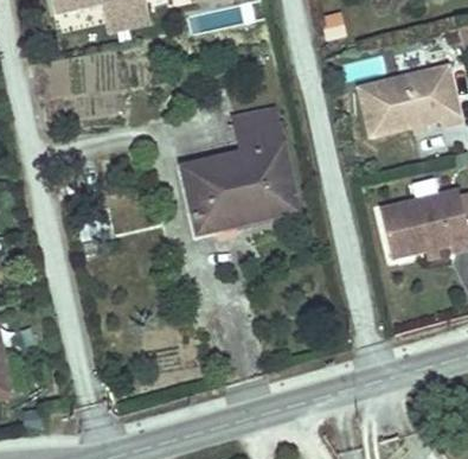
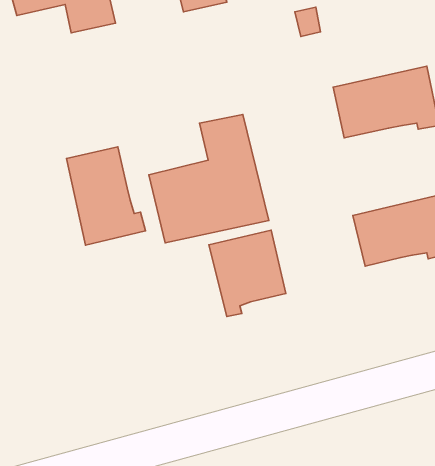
building: none -> [67,147,146,245]
building: none -> [209,230,286,317]

